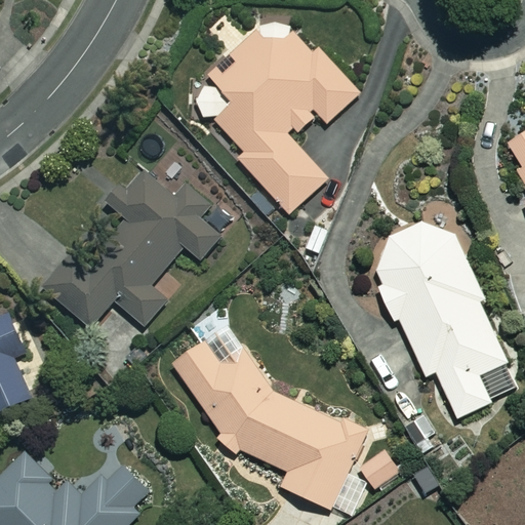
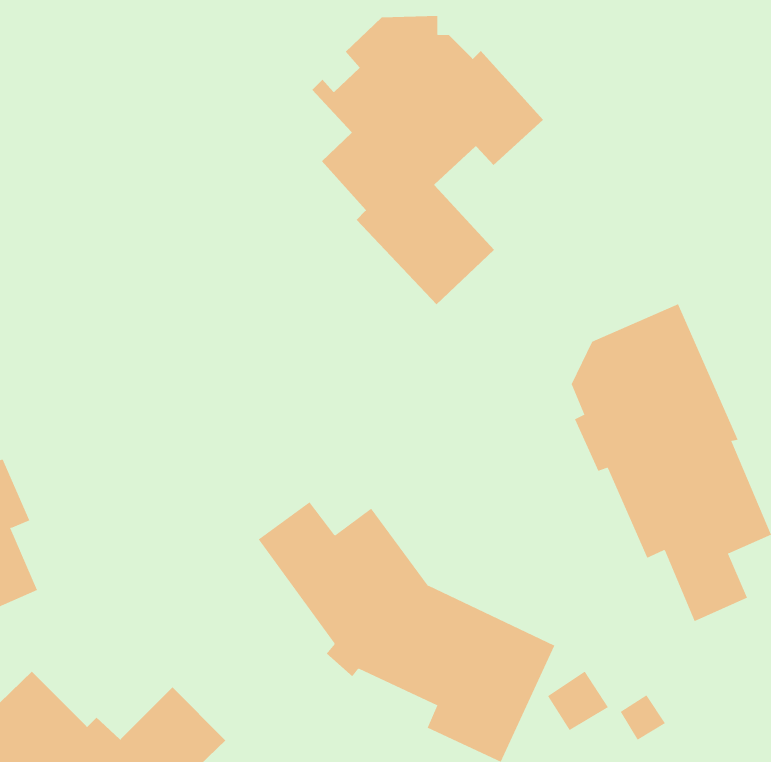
building: [46,168,239,332] -> none

